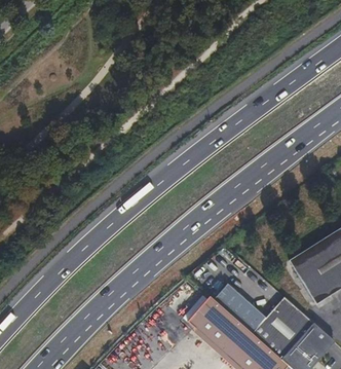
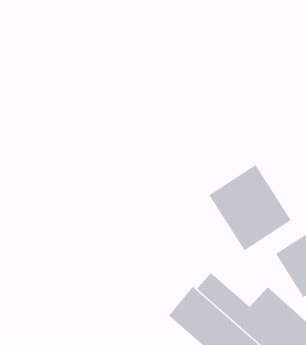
building: none -> [208,164,292,251]

